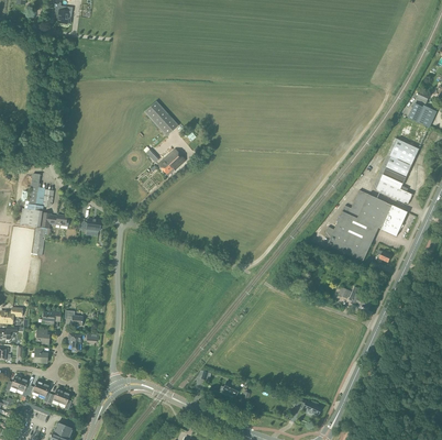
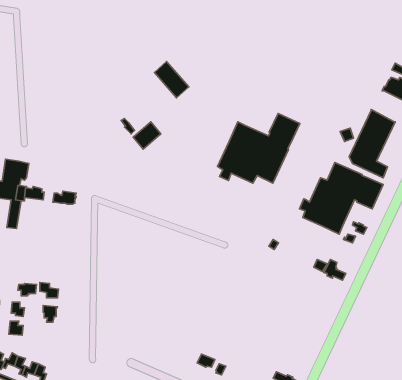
building: [144,100,178,136] -> [155,61,189,98]
building: none -> [217,113,300,183]

